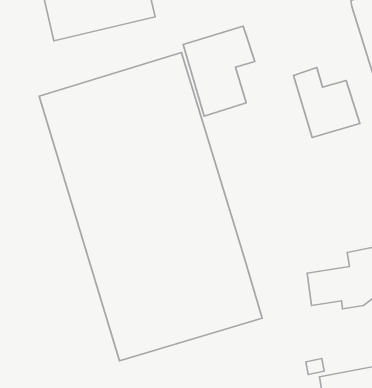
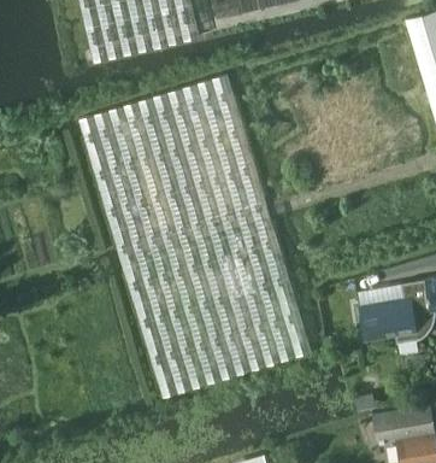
building: [183,26,255,116] -> none
building: [294,68,360,137] -> none

